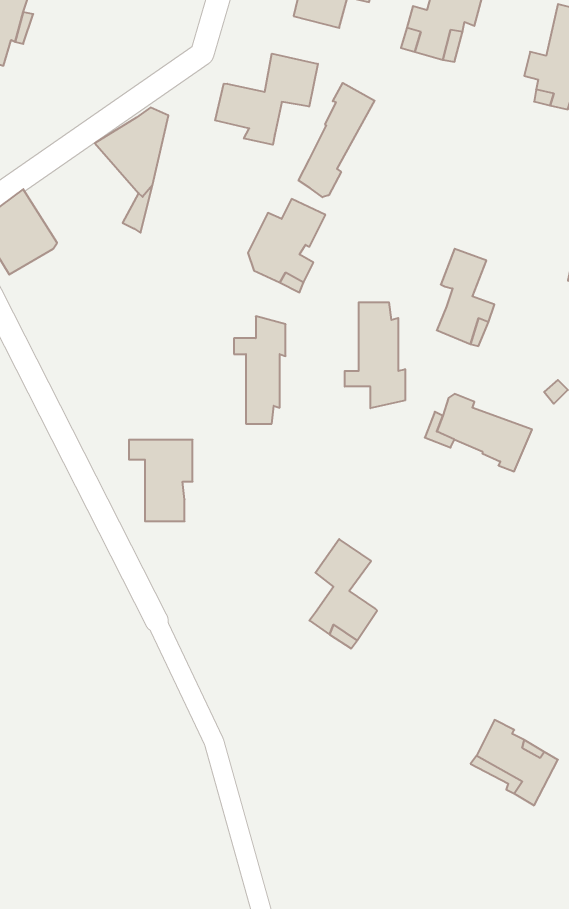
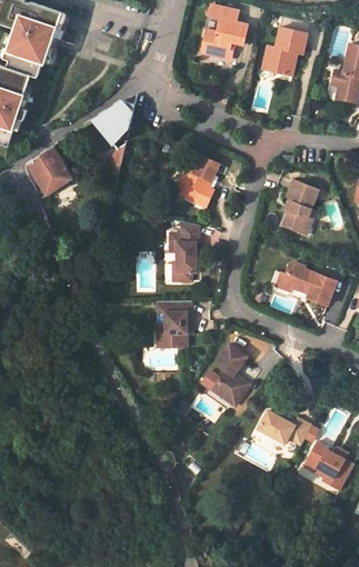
building: [215,54,318,145] -> none
building: [299,83,375,197] -> none
building: [345,302,405,408] -> none
building: [129,440,193,521] -> [154,298,190,344]
building: none -> [256,411,309,447]

